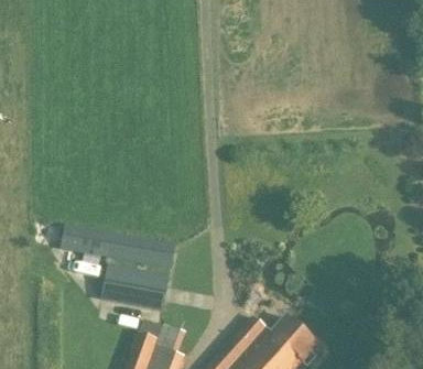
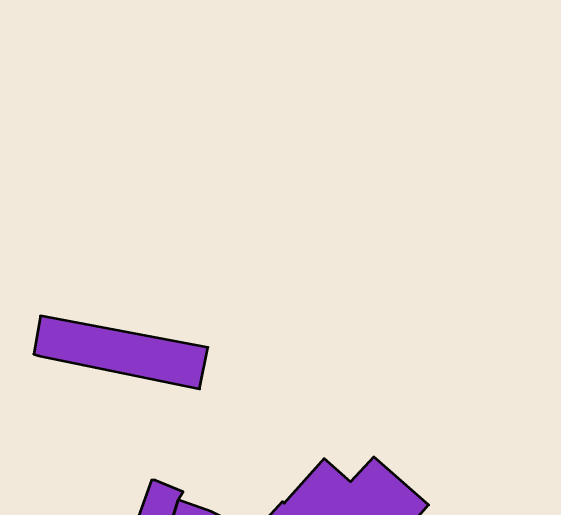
building: [101,262,170,310] -> none

